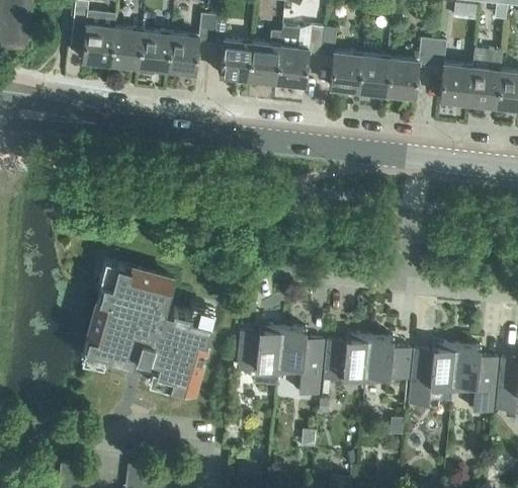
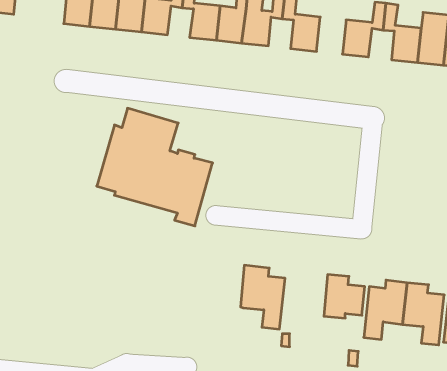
building: [357,56,390,96] -> none
building: [84,264,210,393] -> [97,108,213,226]
building: [237,325,278,375] -> none
building: [324,334,369,383] -> none

